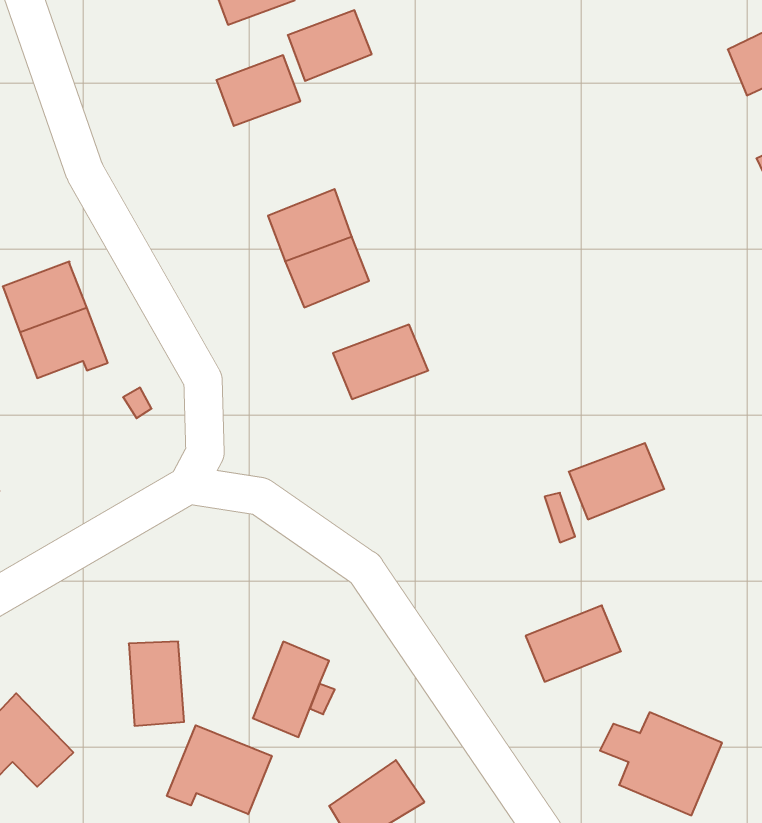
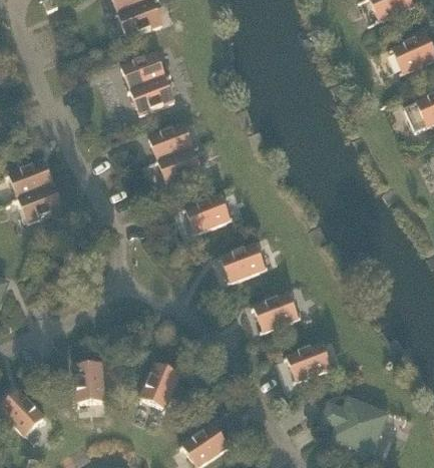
building: [288,10,372,81] -> [130,77,174,114]
building: none -> [218,243,268,283]
building: [569,443,664,519] -> [251,293,301,333]
building: [167,725,272,814] -> none

